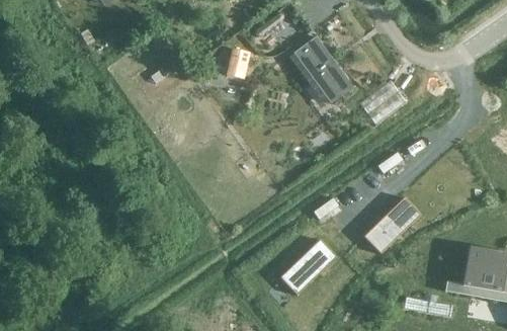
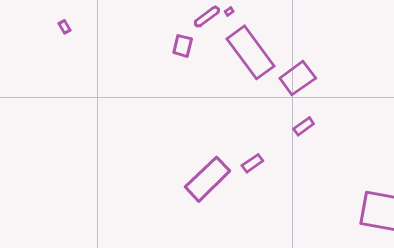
building: [364,197,420,252] -> none
building: [280,238,337,294] -> [185,157,230,201]

